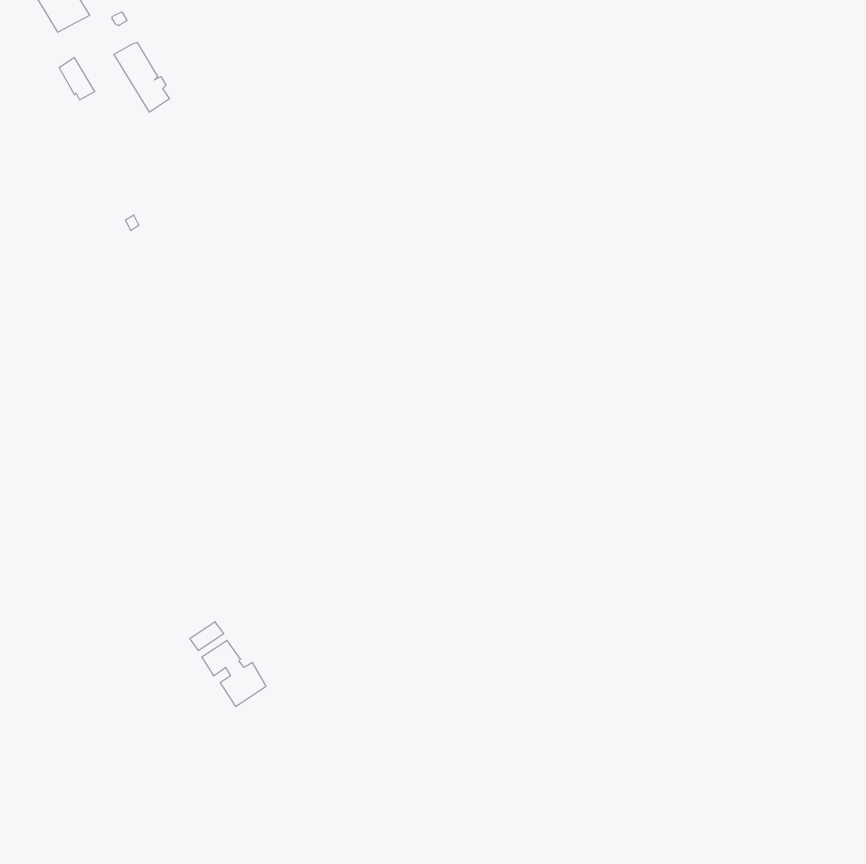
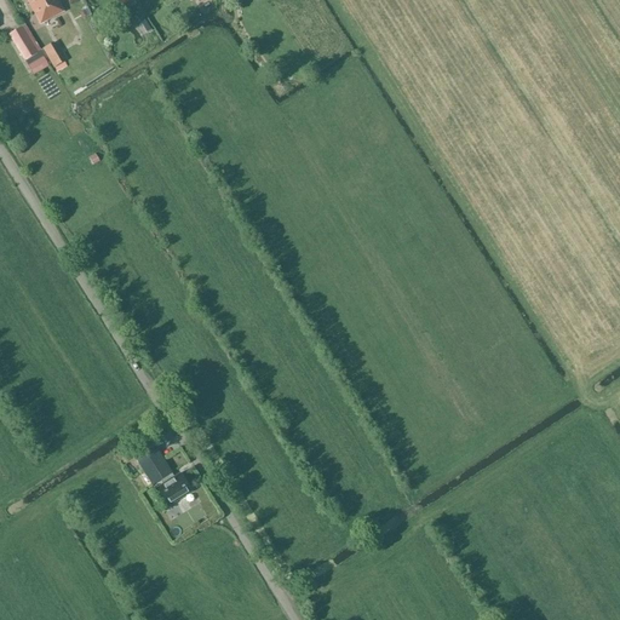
building: [114,43,170,112] -> [8,25,48,75]

